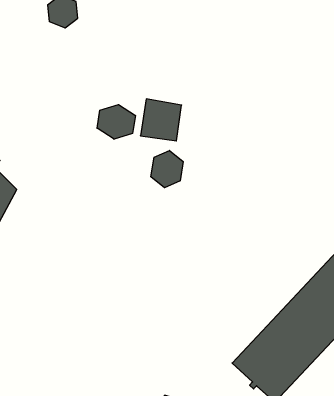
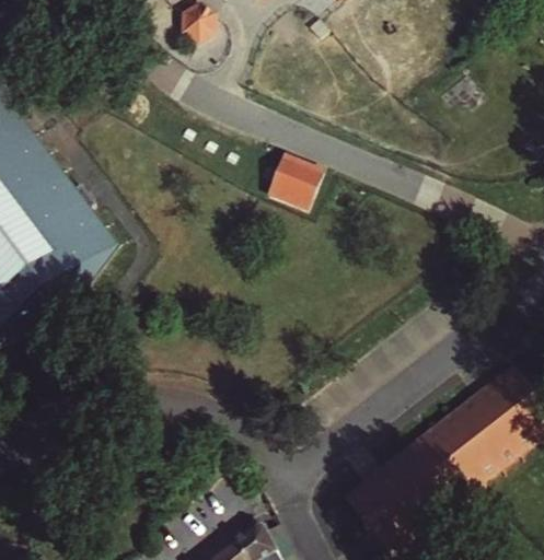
building: [97,105,135,139] -> none
building: [151,150,183,188] -> none

